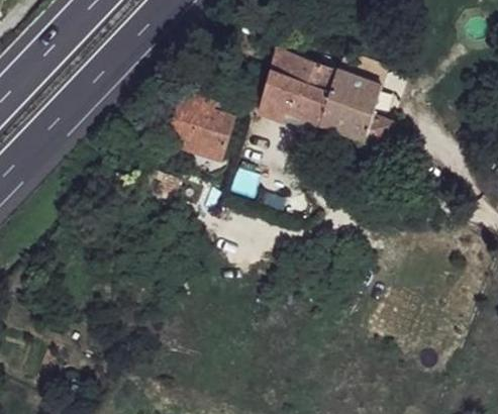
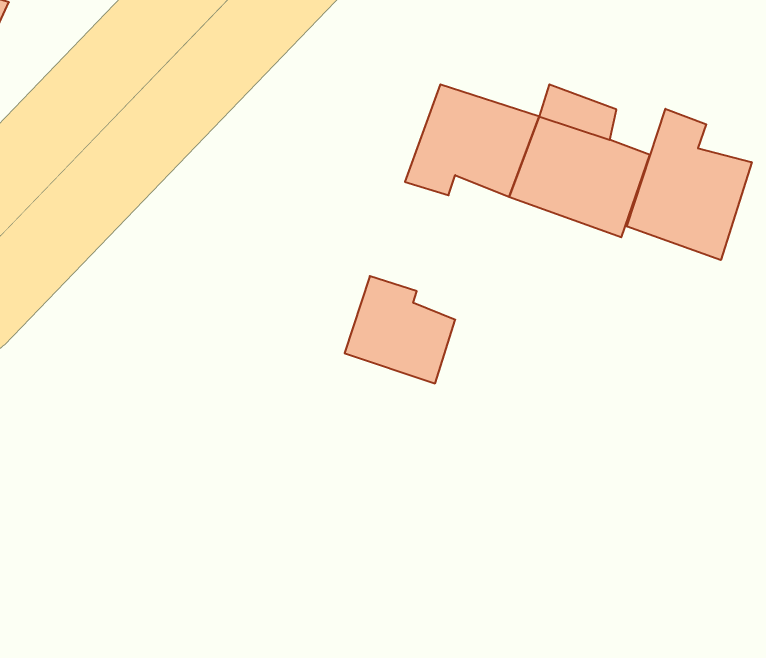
building: none -> [627,109,752,260]
building: [163,97,229,162] -> [345,276,455,383]

